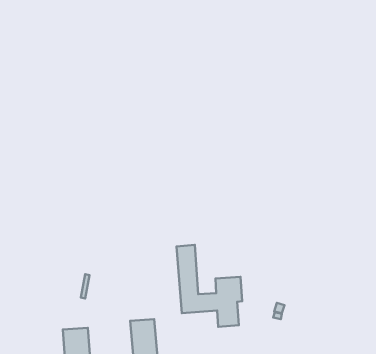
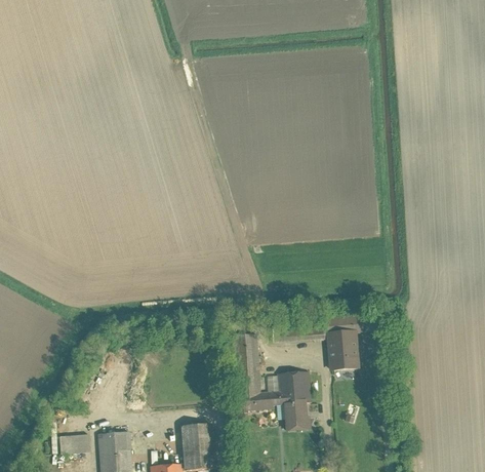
building: none -> [330,328,367,368]
building: none -> [68,433,88,458]

